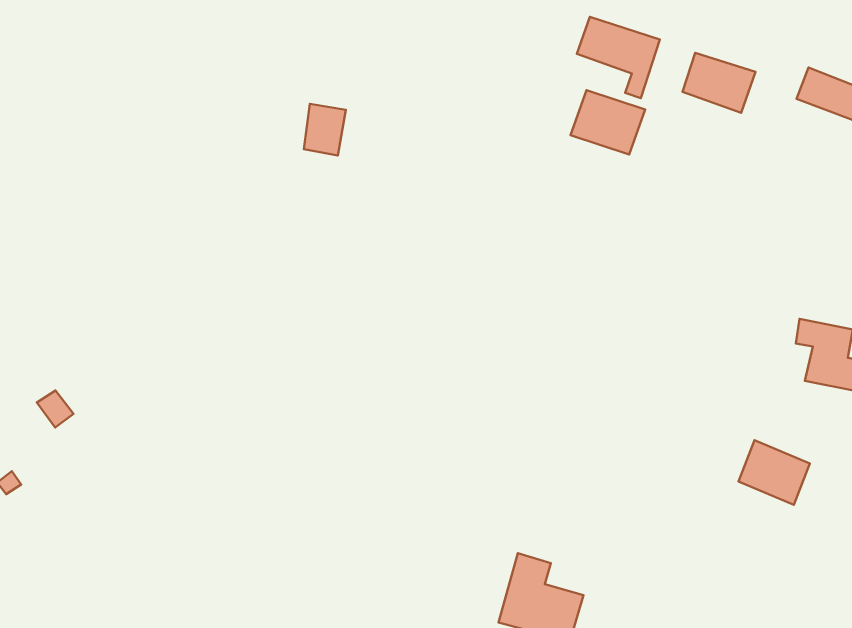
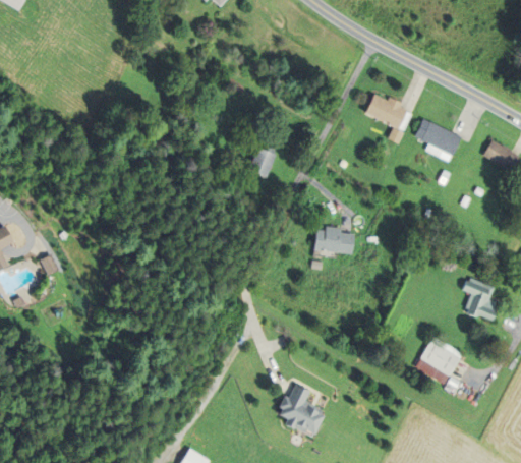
building: [570,90,645,154] -> none
building: [304,104,346,155] -> [248,147,275,177]
building: none -> [313,227,353,253]

